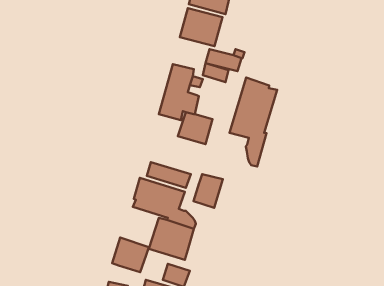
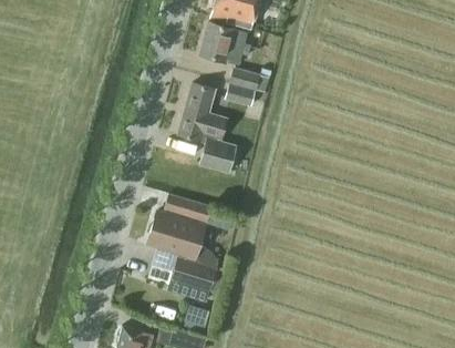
building: [229,78,277,167] -> none
building: [193,174,223,208] -> none
building: [112,238,149,272] -> none

